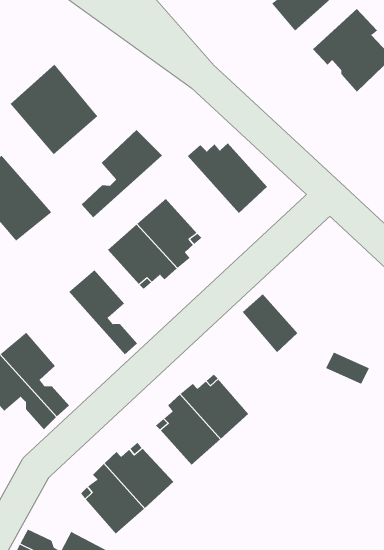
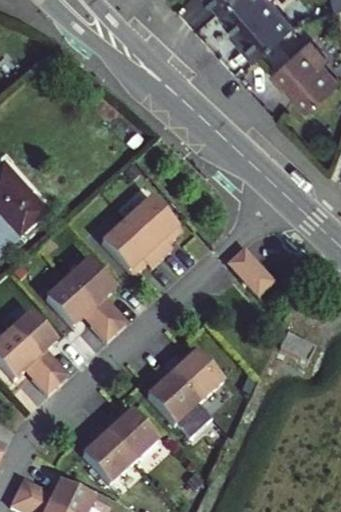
building: [10,64,98,155] -> none
building: [81,129,163,218] -> none
building: [187,142,268,214] -> none
building: none -> [43,280,113,345]
building: [242,293,298,353] -> [231,245,279,296]

